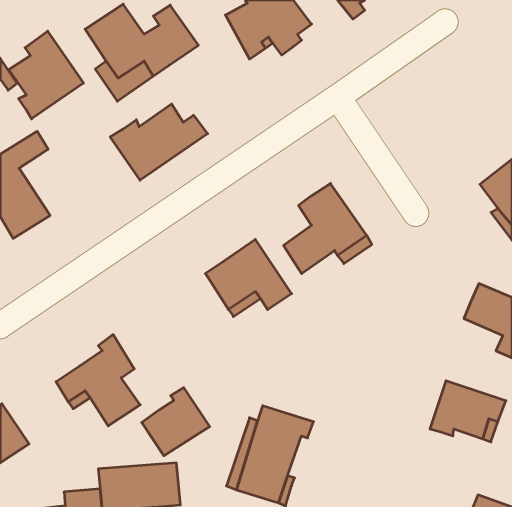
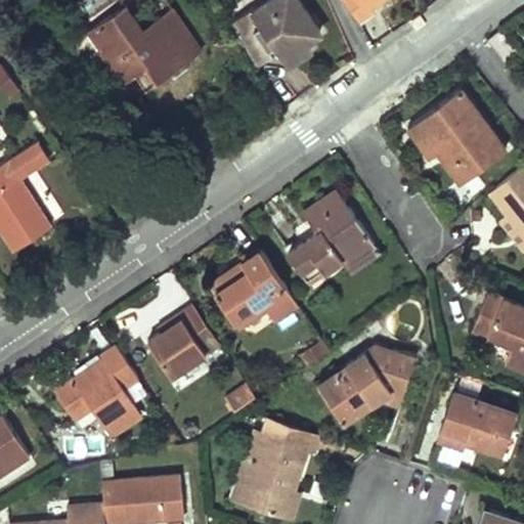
building: [9,31,83,119] -> none
building: none -> [410,90,507,184]
building: [110,104,208,180] -> none
building: none -> [318,349,433,422]
building: [142,388,210,456] -> [150,308,220,378]

